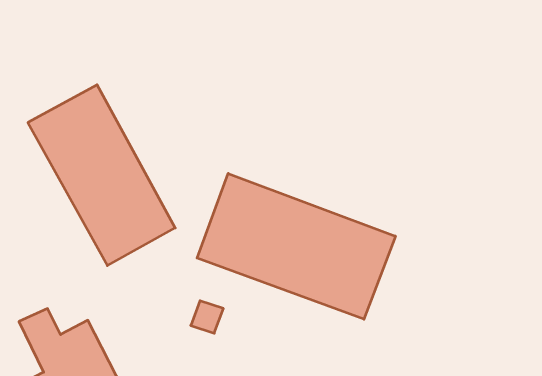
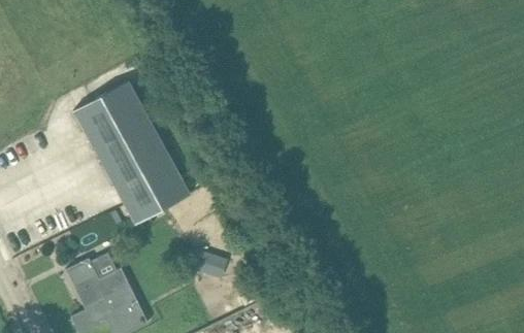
building: [197,173,395,319] -> none

